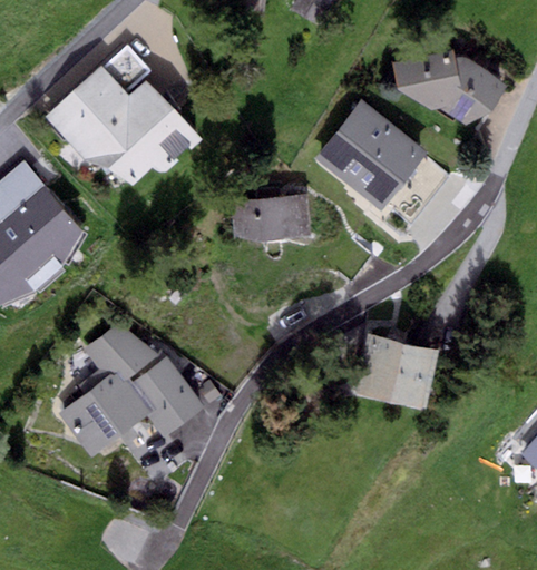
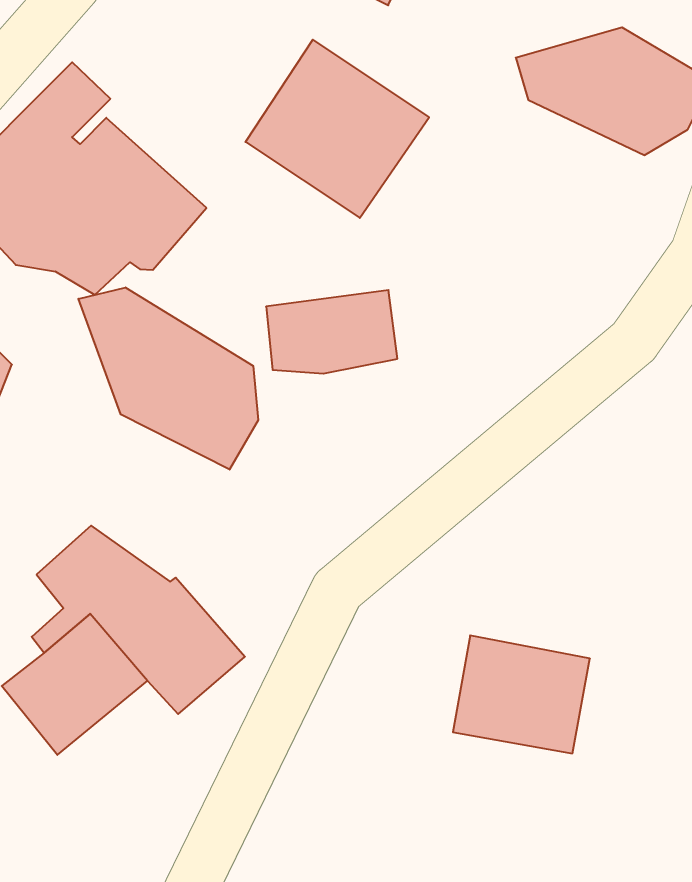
building: [315,100,426,208] -> [245,40,429,218]
building: none -> [78,287,258,470]
building: [353,333,438,407] -> [453,635,590,753]

